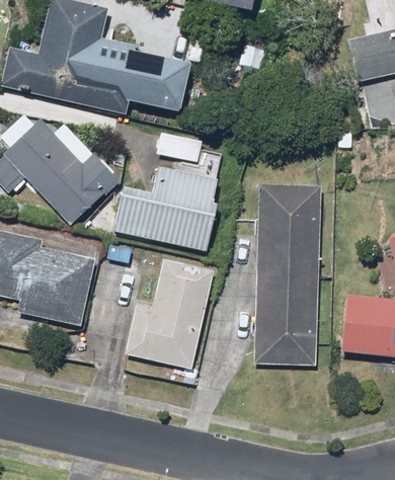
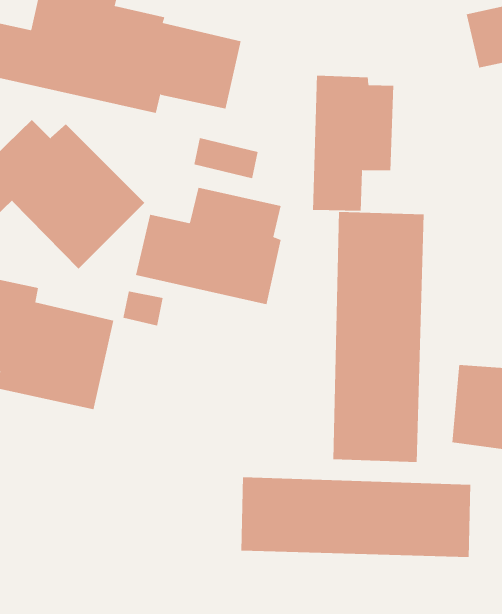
building: none -> [313,75,394,212]
building: [128,257,216,369] -> none
building: none -> [241,476,471,558]

